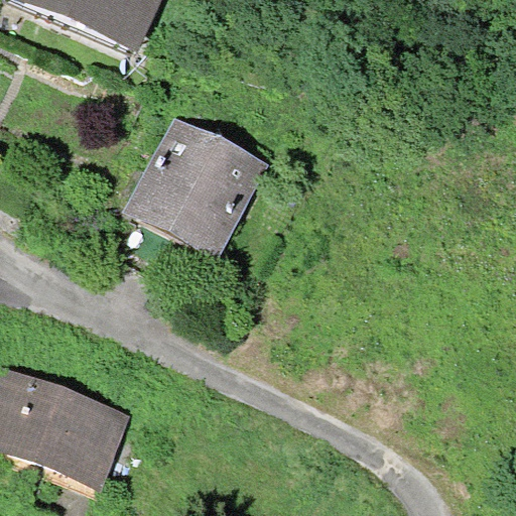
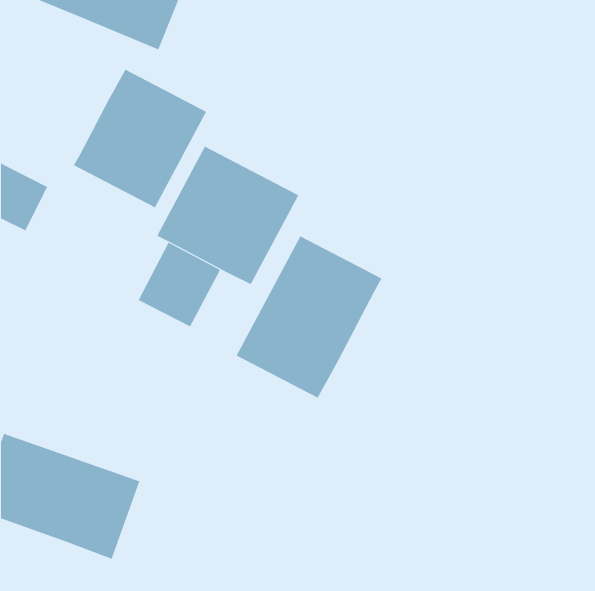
building: none -> [73,69,207,208]
building: none -> [236,236,382,399]

